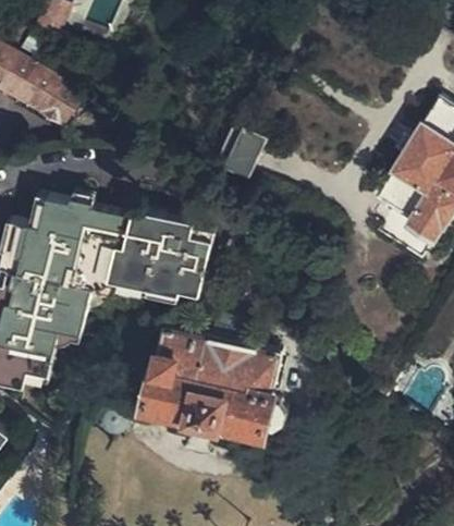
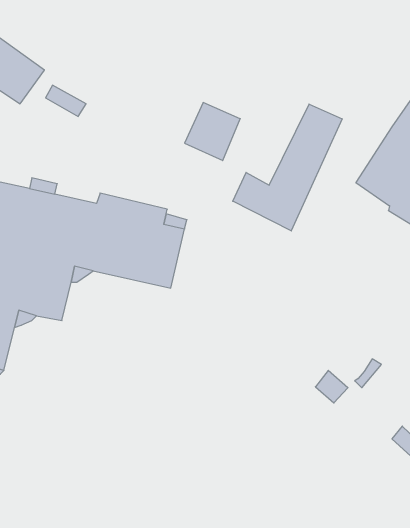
building: none -> [233,104,342,231]
building: [131,309,283,441] -> none

